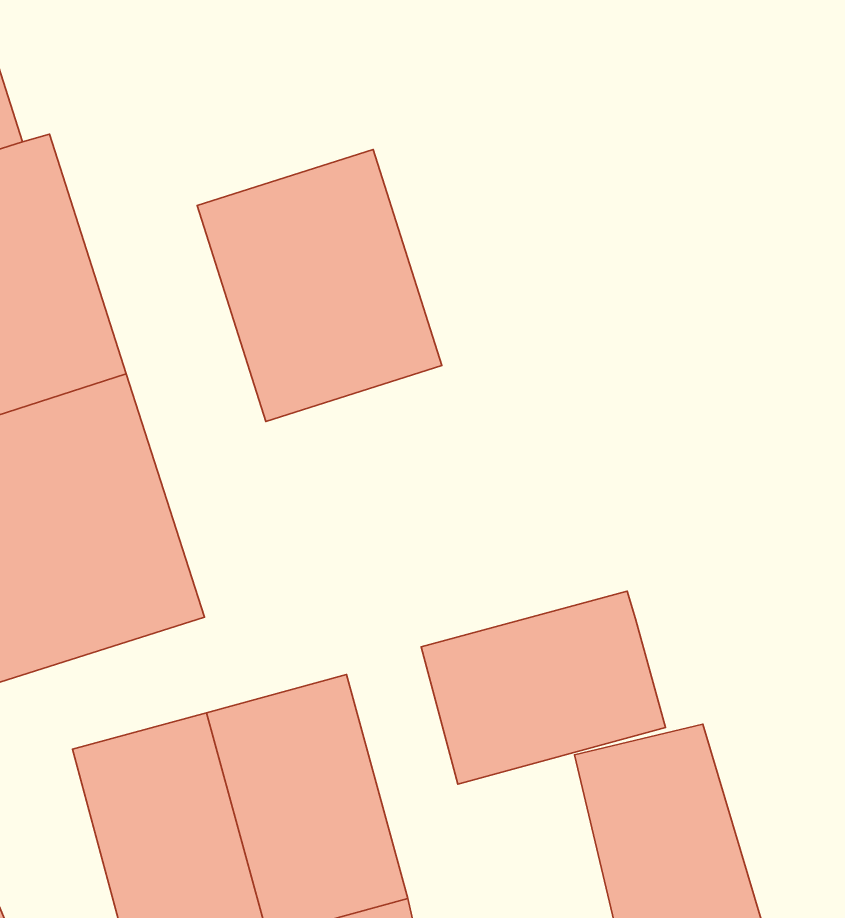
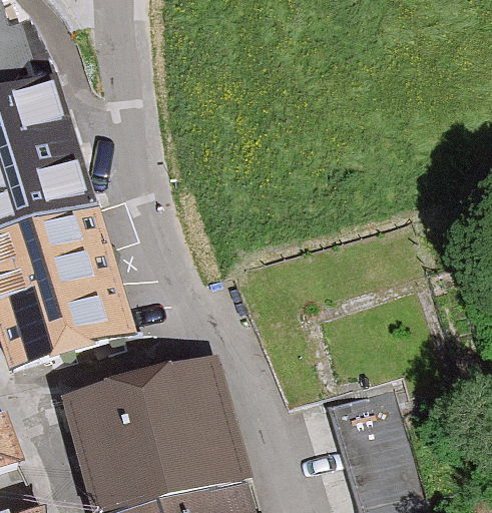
building: [197,150,442,421] -> none
building: [421,591,665,784] -> none

